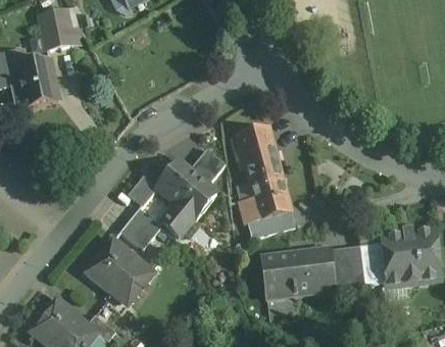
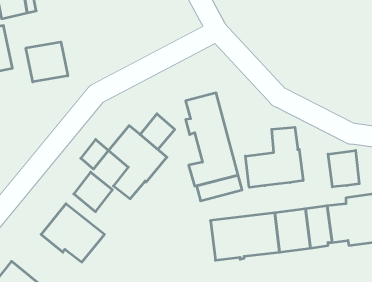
building: none -> [26,42,68,82]
building: none -> [245,127,303,187]
building: none -> [328,150,359,187]

